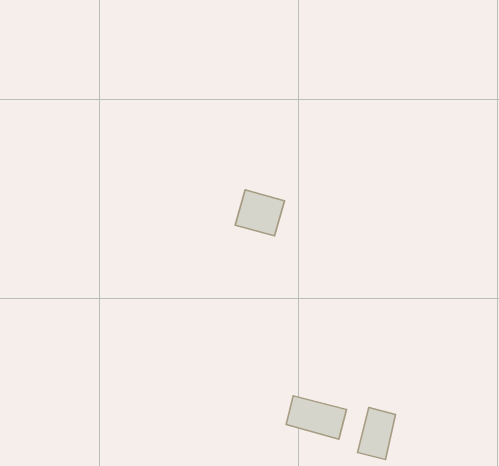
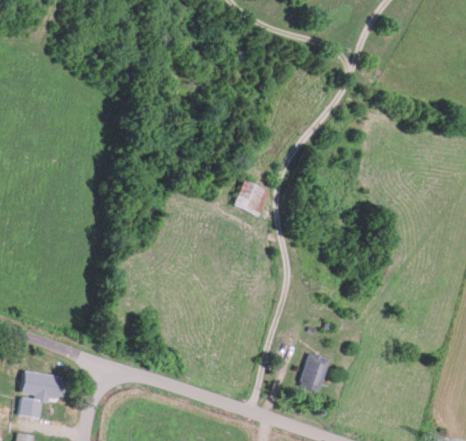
building: [286,396,346,439] -> none

